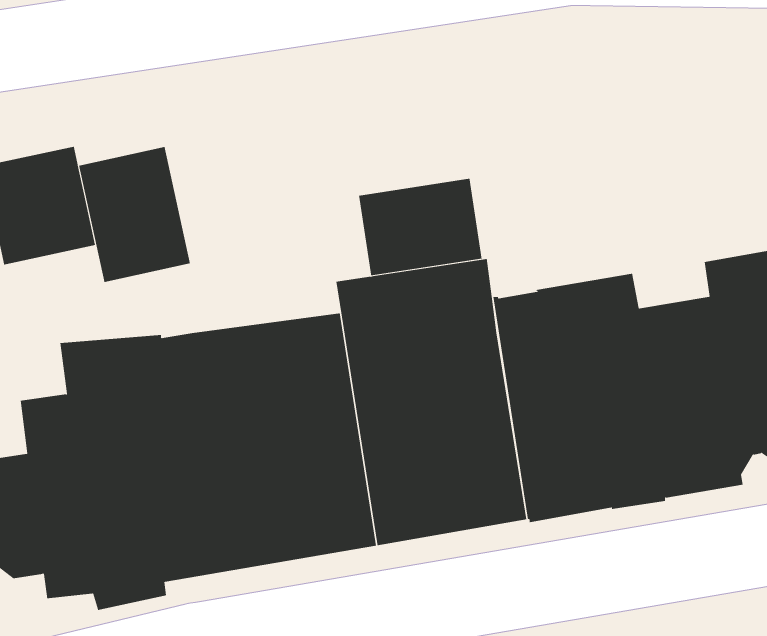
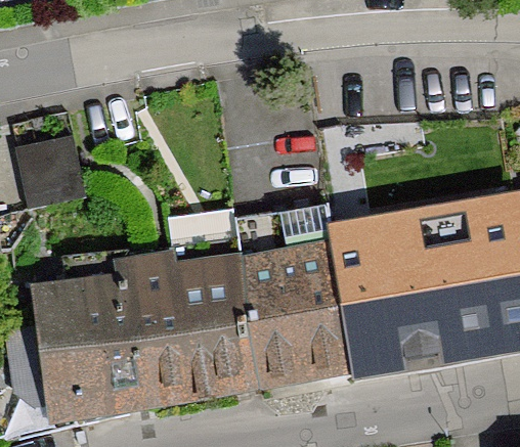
building: [79,146,190,283] -> none
building: [359,178,482,276] -> none

